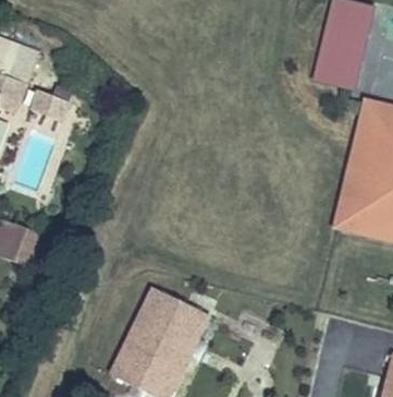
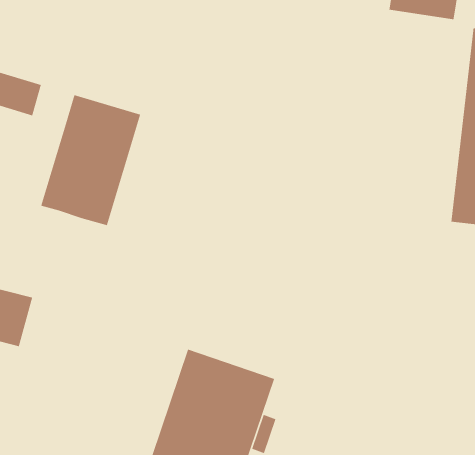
building: none -> [40,94,141,226]

